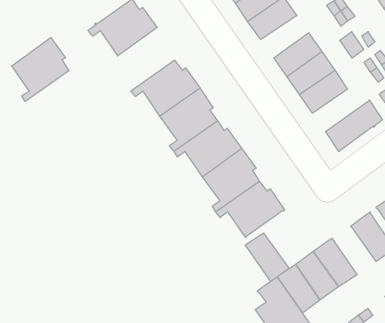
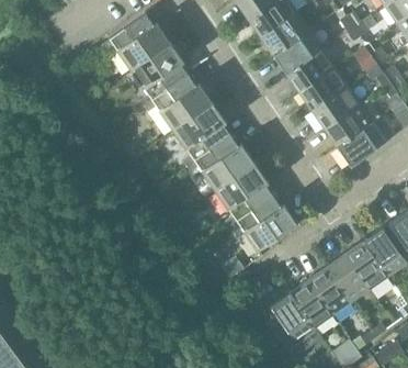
building: none -> [273,31,321,74]
building: [12,38,69,101] -> [131,43,188,107]
building: none -> [325,100,379,147]
building: [245,233,289,281] -> [344,242,388,290]

